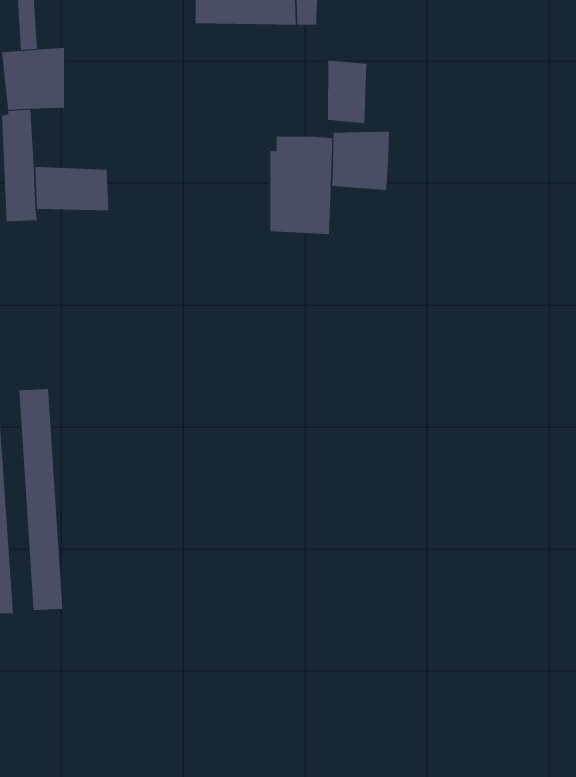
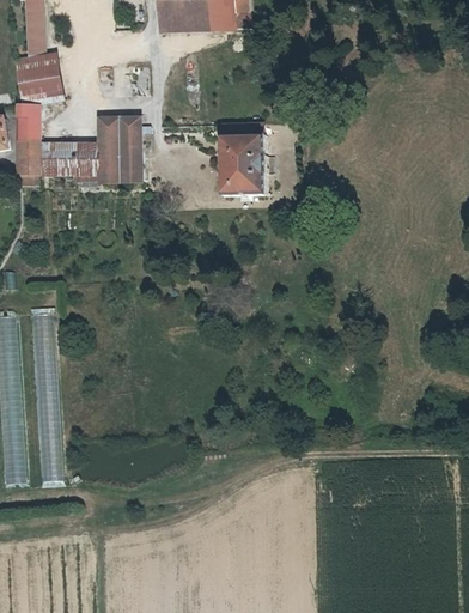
building: [327,60,367,124] -> none
building: [332,131,390,191] -> none
building: none -> [95,126,140,188]

